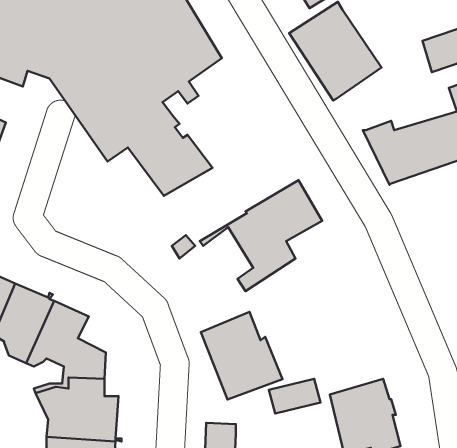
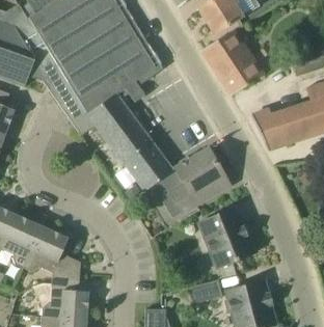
building: none -> [118,139,173,188]
building: [201,312,282,400] -> [200,208,254,266]

